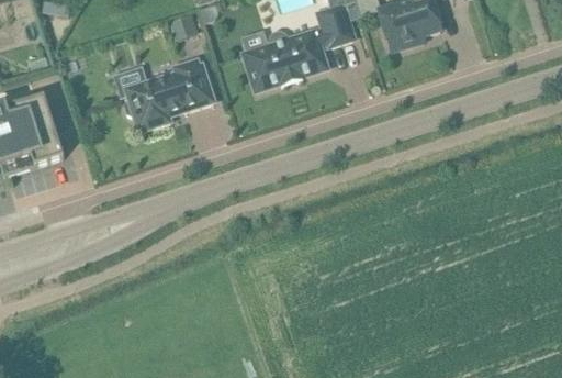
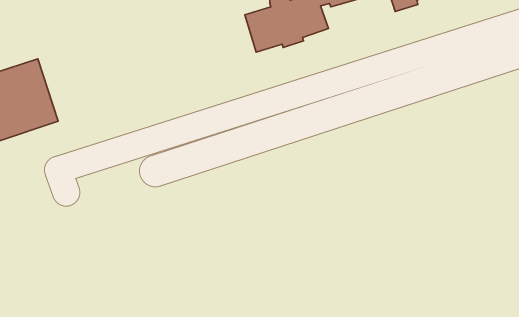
building: [113,57,214,127] -> none

